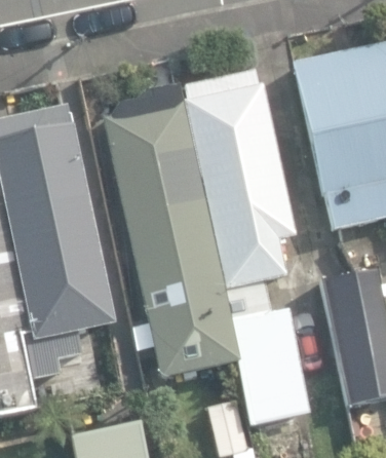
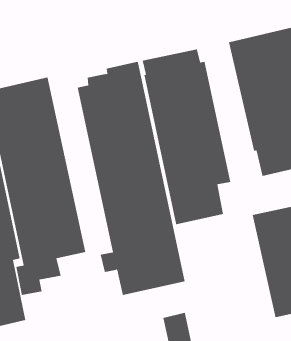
building: [226,284,312,426] -> none

